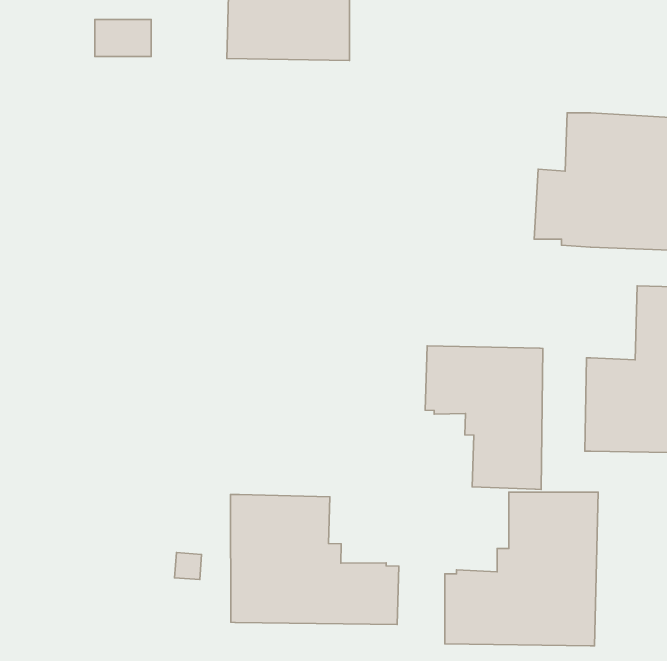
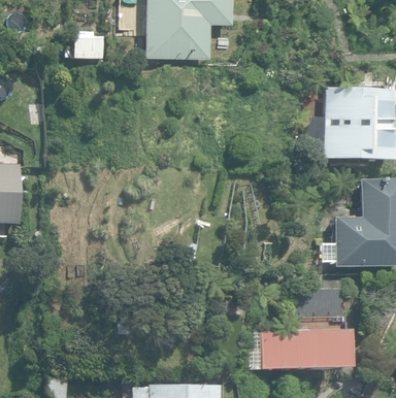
building: [425,346,543,489] -> none
building: [230,494,399,625] -> none

